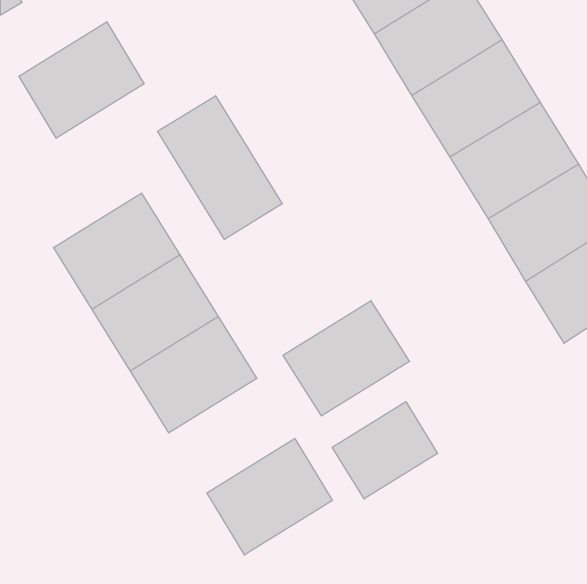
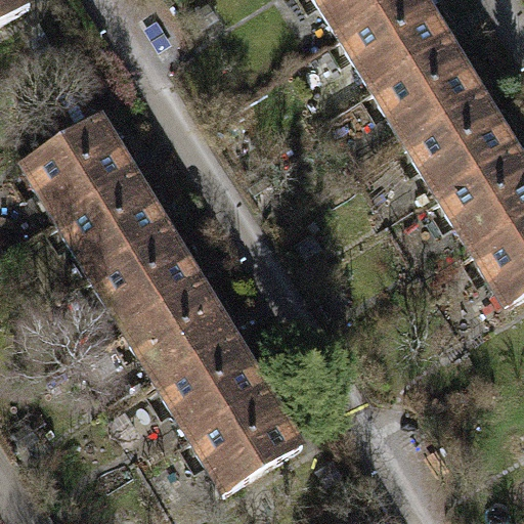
building: [19,22,144,138] -> [20,116,131,218]
building: [157,96,282,239] -> none
building: [283,301,410,416] -> [155,333,266,434]
building: [332,402,438,499] -> none

